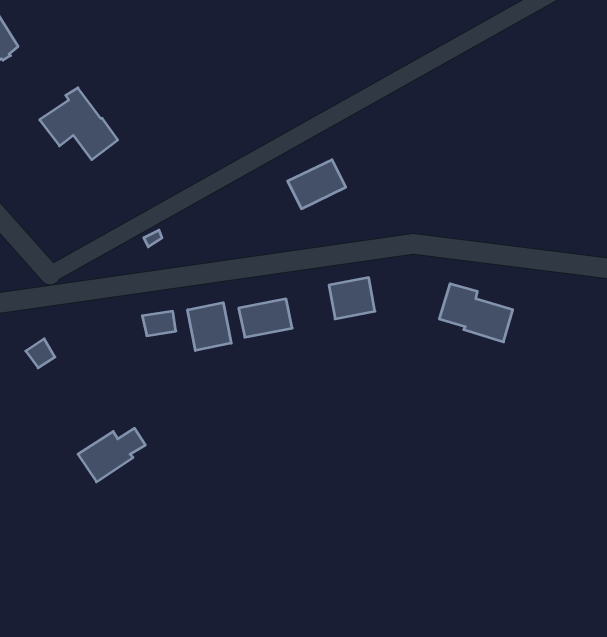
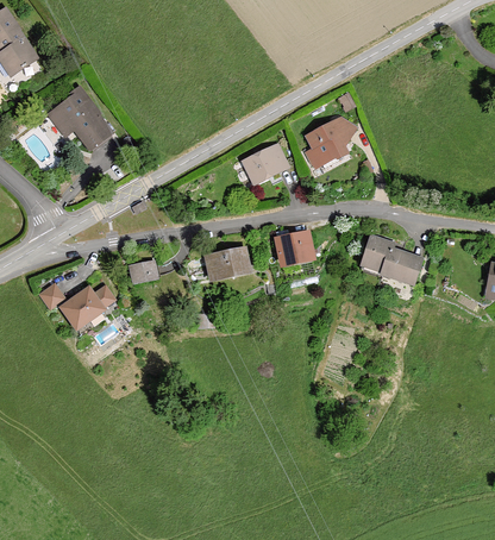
building: none -> [306,121,355,170]
building: [188,303,231,351] -> none
building: [78,428,145,482] -> [62,285,114,327]

